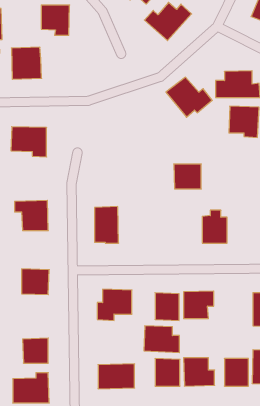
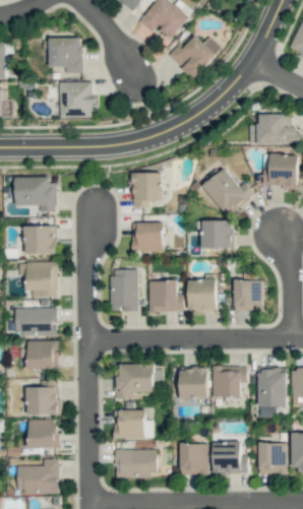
building: [11,47,42,79] -> [59,81,94,118]
building: [166,77,212,117] -> [202,169,255,214]
building: none -> [132,173,164,207]
building: none -> [132,222,163,251]
building: none -> [24,227,56,255]
building: none -> [188,279,217,311]
building: none -> [148,280,184,312]
building: none -> [15,308,57,336]
building: none -> [258,369,287,406]
building: none -> [26,380,62,416]
building: [144,326,179,353] -> [113,409,154,440]

